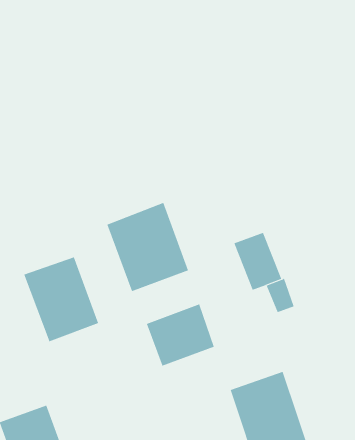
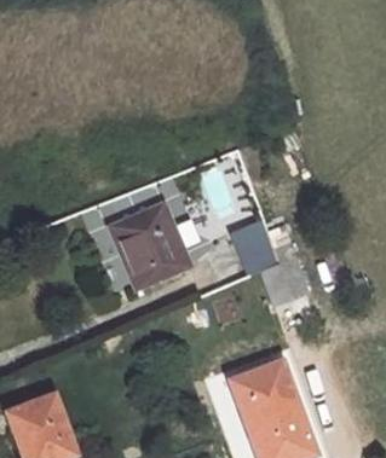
building: [24,257,99,342] -> none
building: [146,303,215,366] -> none

